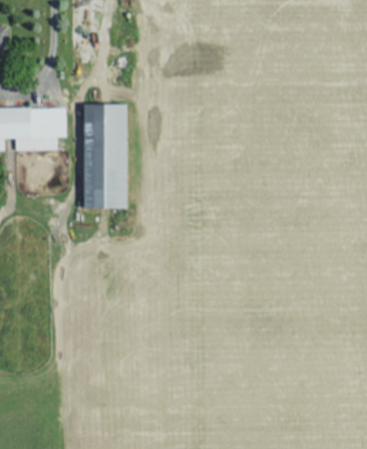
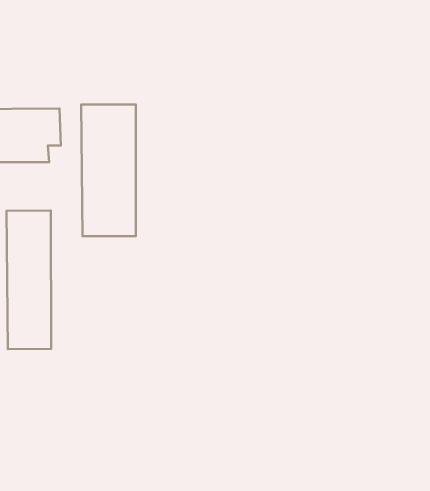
building: none -> [6,211,51,349]

